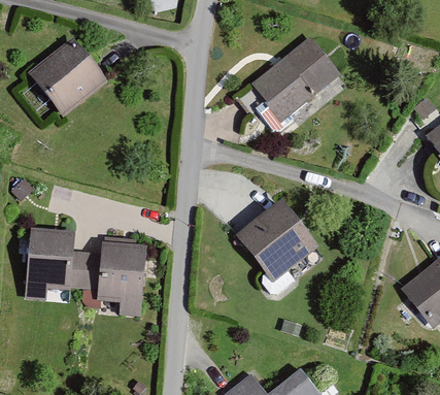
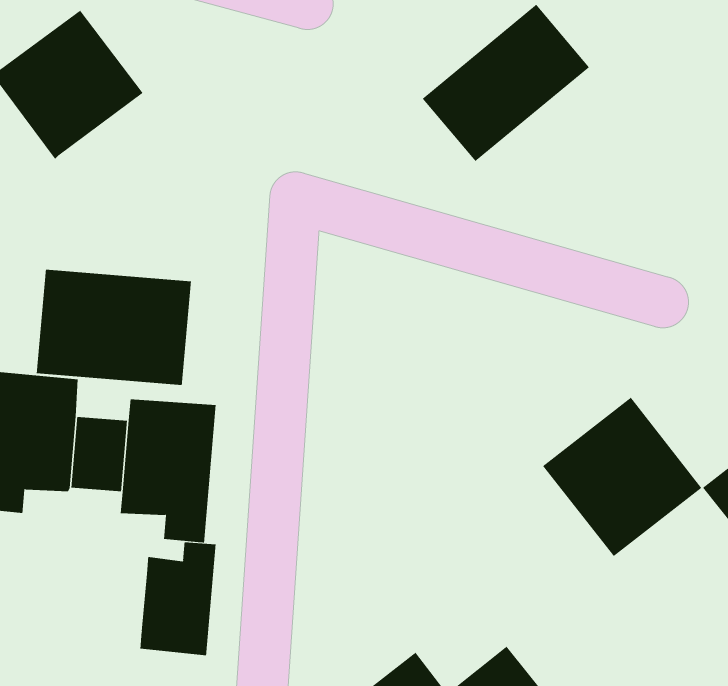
building: none -> [36,269,192,386]
building: [235,198,318,282] -> [542,397,702,557]
building: none -> [140,541,216,656]

